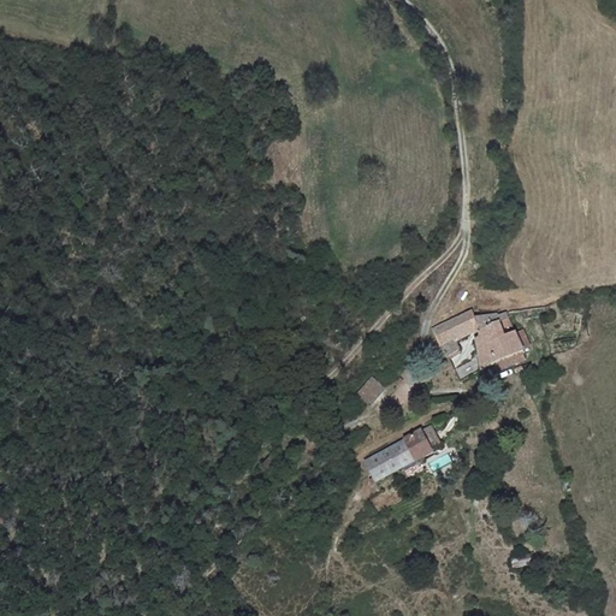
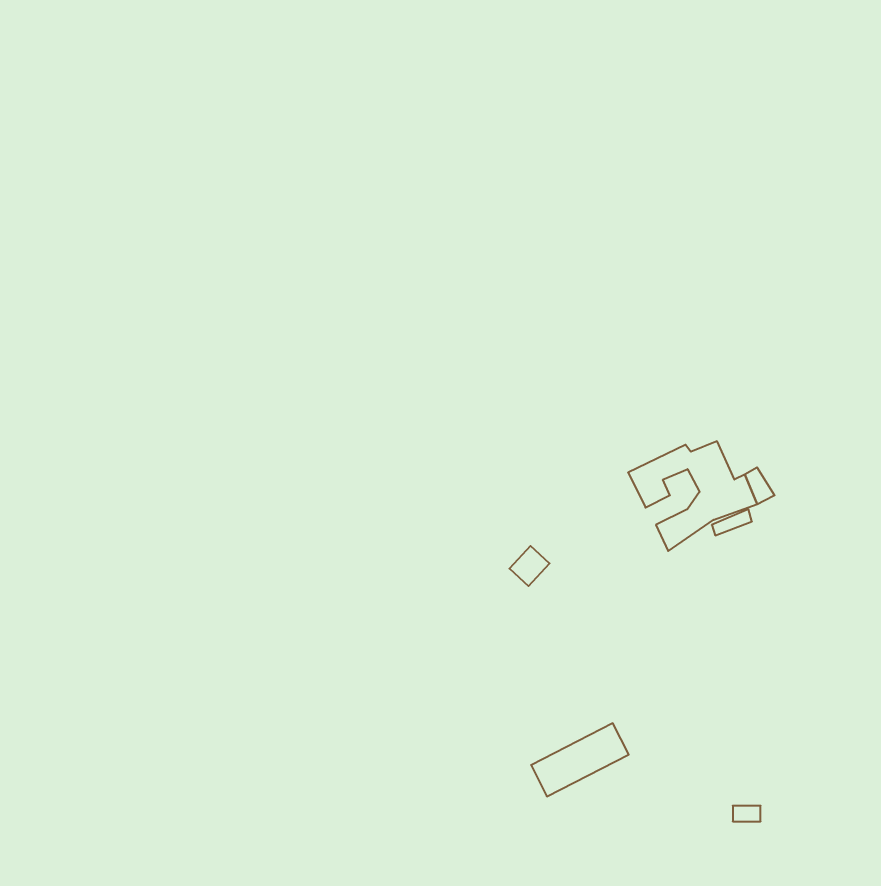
building: [366,428,433,479] -> [531,723,629,796]

